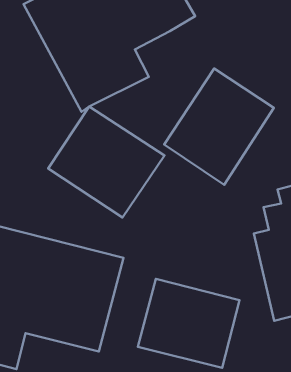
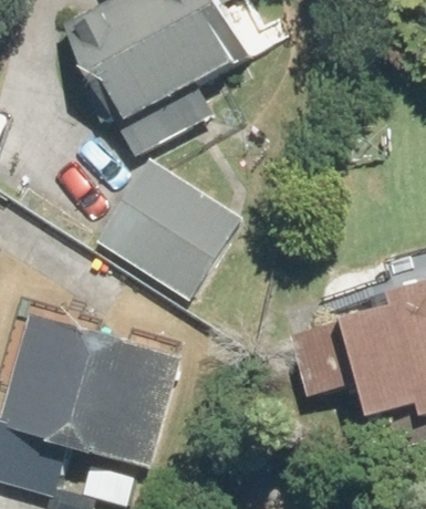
building: [164,69,274,185] -> none
building: [138,279,239,368] -> none

